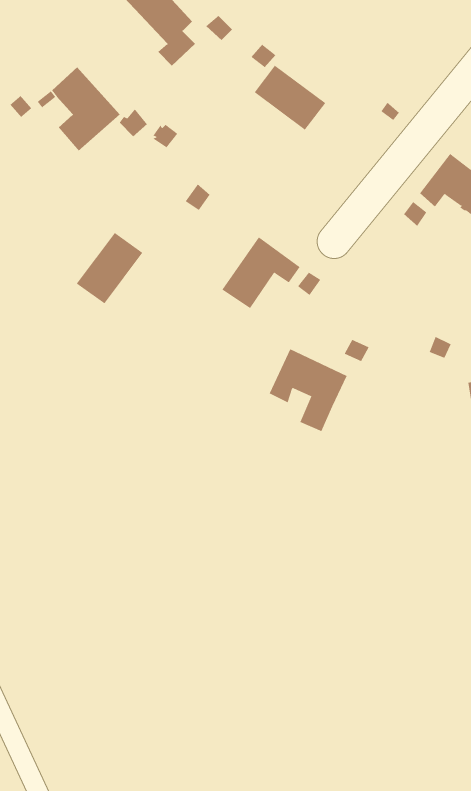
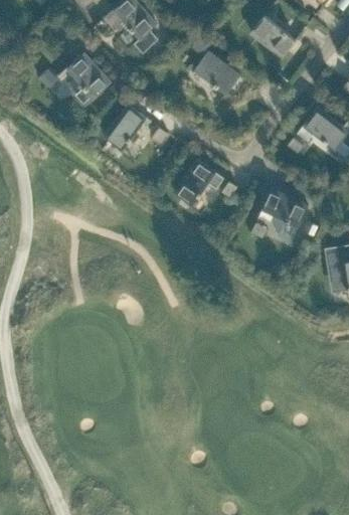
building: none -> [250,16,296,58]
building: [76,232,143,304] -> [104,105,146,150]
building: [269,348,348,432] -> [258,189,308,241]

